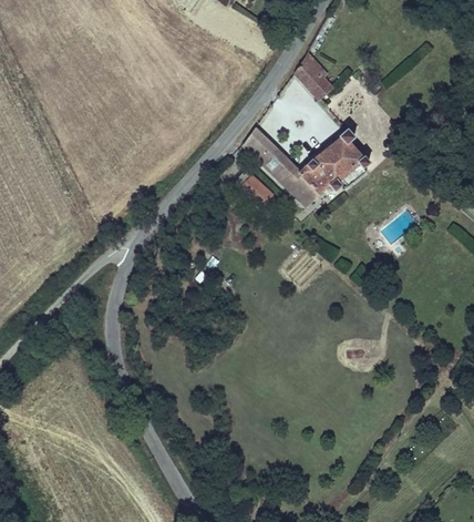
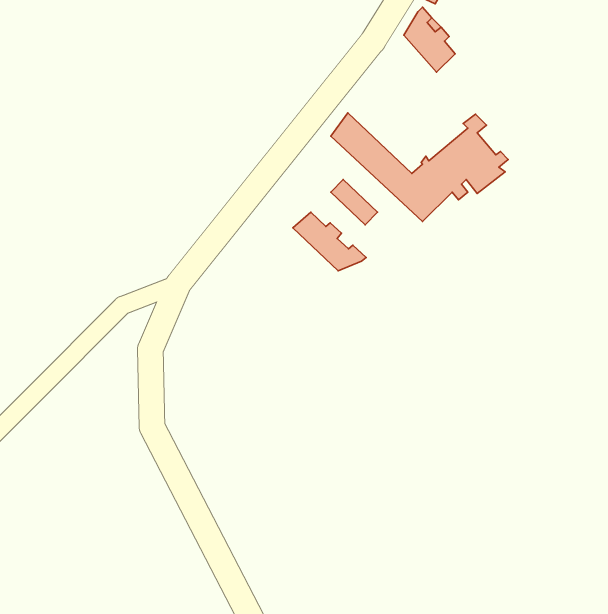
building: none -> [293,212,366,271]

